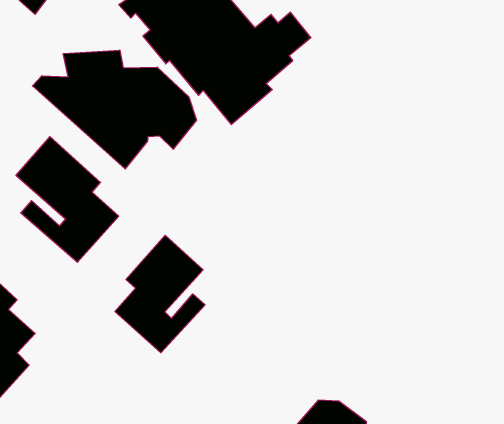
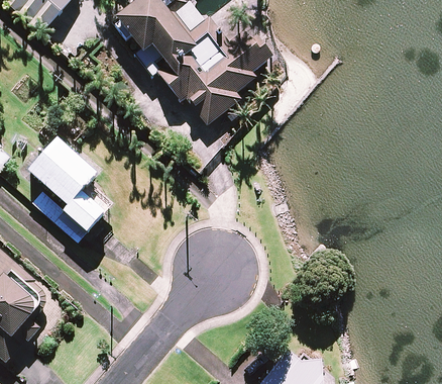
building: [32,50,196,169] -> none
building: [115,235,205,353] -> none

